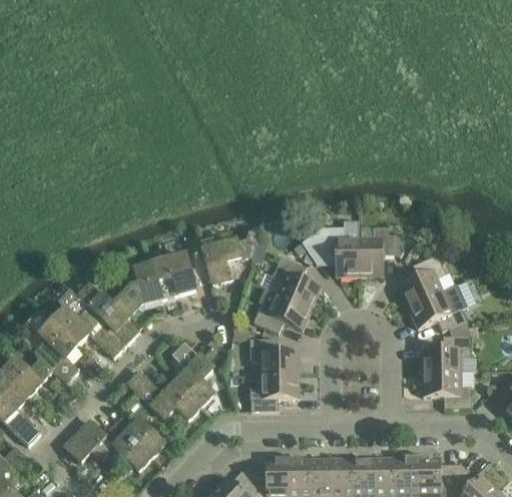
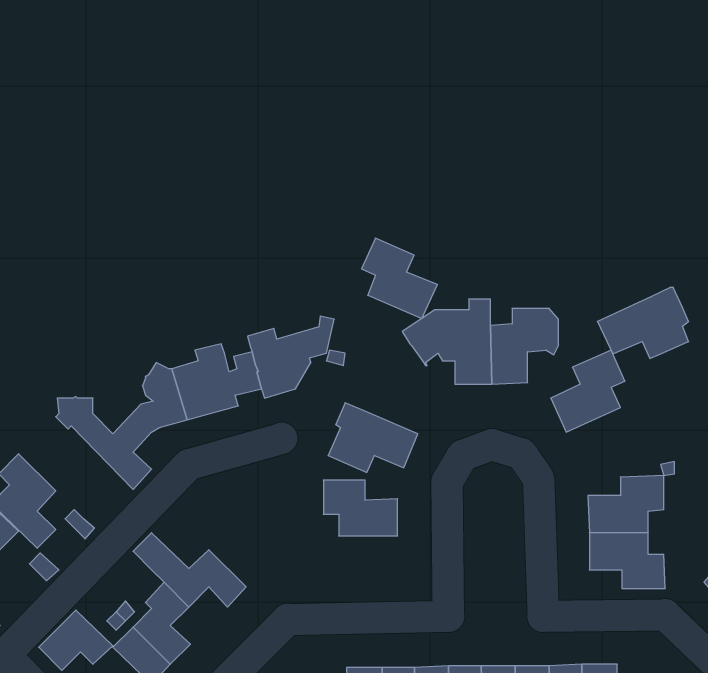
building: [272,256,321,308] -> [362,238,437,318]
building: [407,285,466,331] -> [597,287,689,359]
building: [52,297,125,357] -> none
building: [175,346,212,407] -> none
building: [249,374,299,411] -> none

